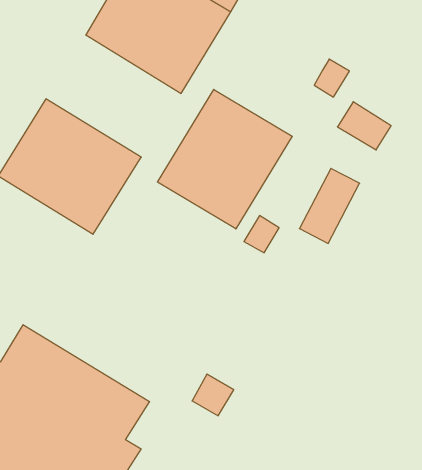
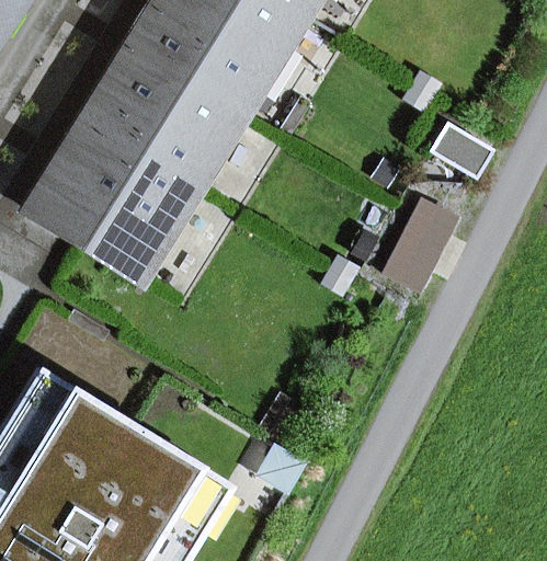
building: none -> [83,44,243,188]
building: [157,89,292,229] -> none

